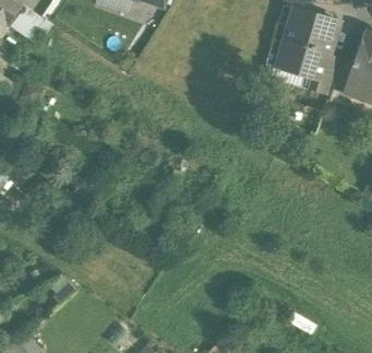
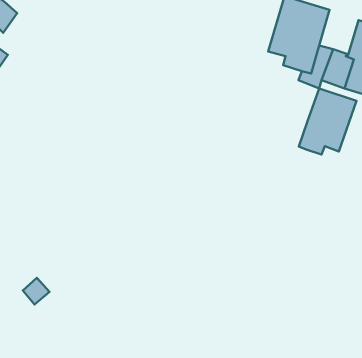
building: none -> [299,88,357,155]

